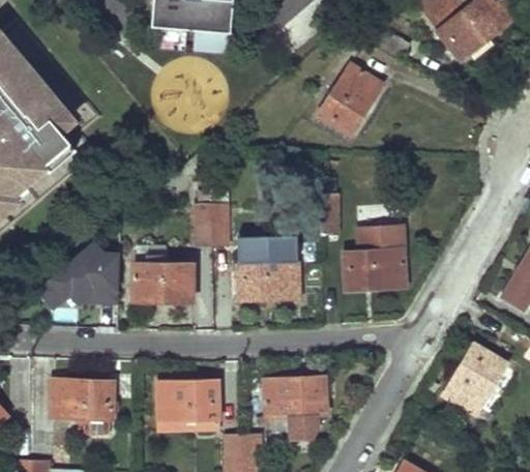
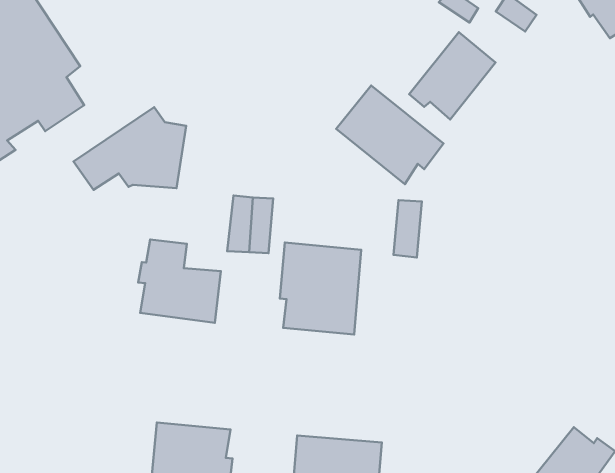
building: none -> [336,86,444,184]
building: [344,227,407,289] -> none
building: [38,242,120,309] -> [73,107,186,190]
building: [52,380,112,418] -> none

